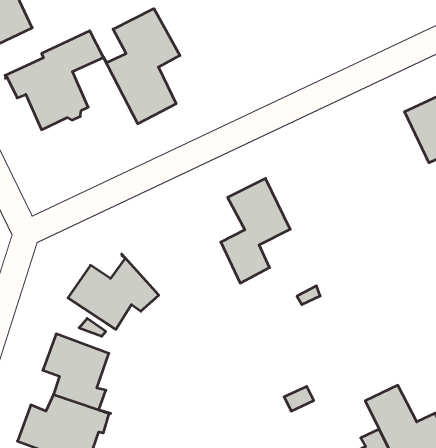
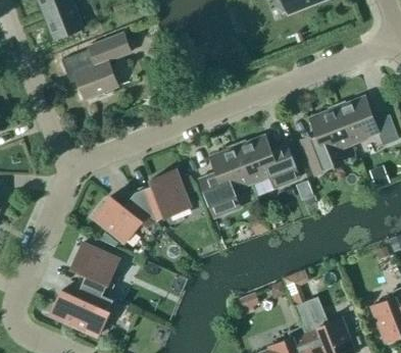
building: [102,9,180,124] -> none
building: none -> [303,106,351,174]
building: none -> [237,135,299,187]
building: none -> [133,169,190,220]

